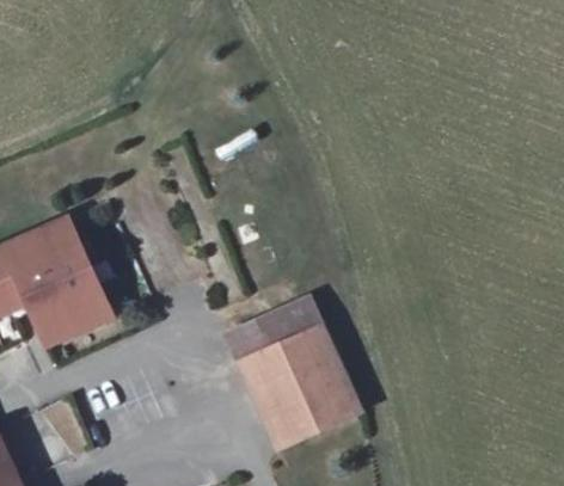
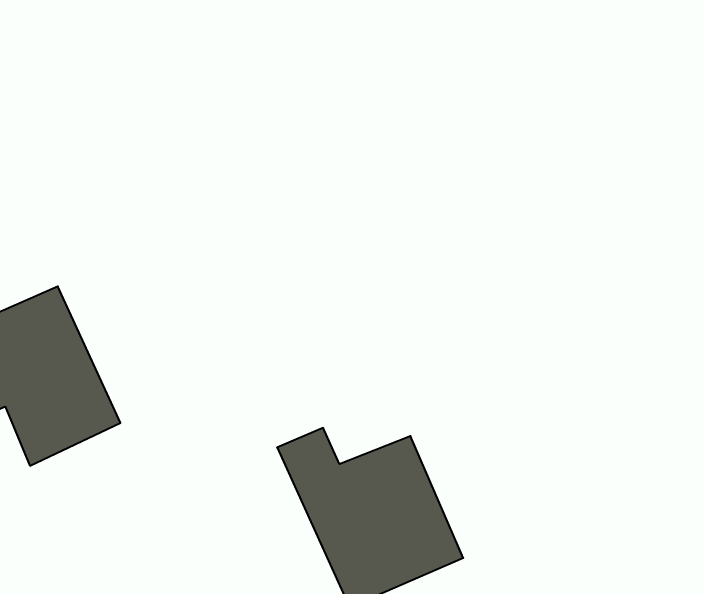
building: [259,297,323,345] -> none

